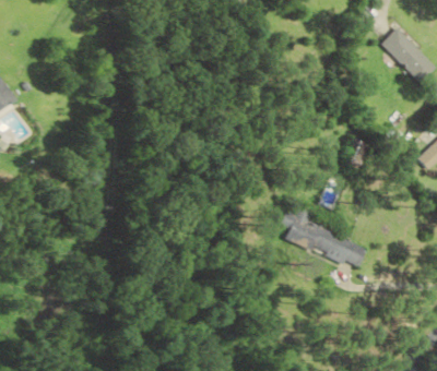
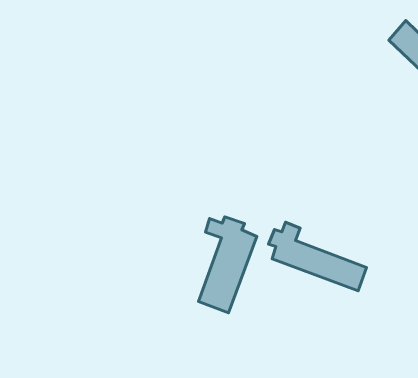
building: none -> [199,217,257,313]

